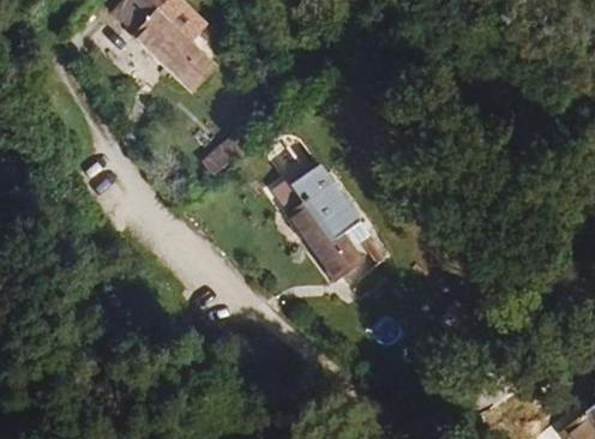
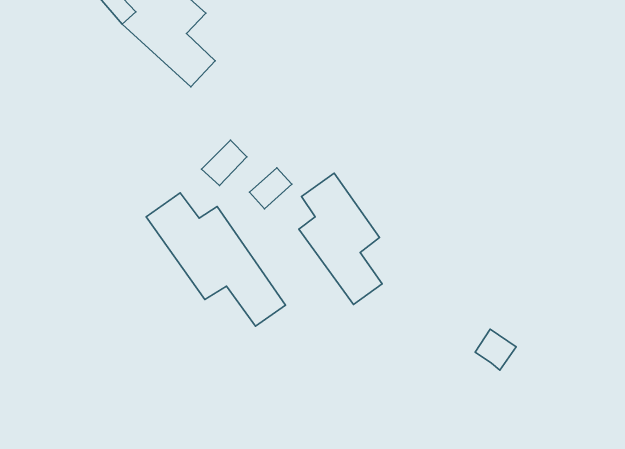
building: none -> [146,193,285,326]

